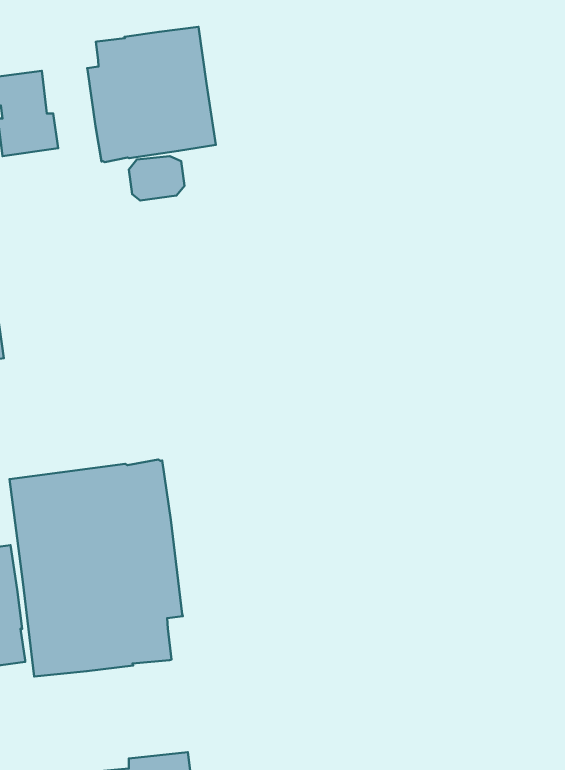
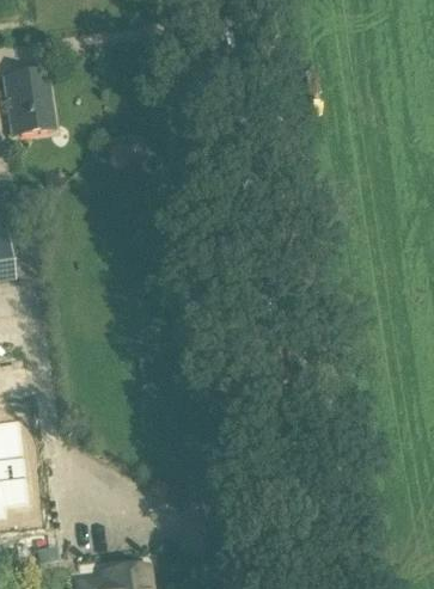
building: [87,27,216,162] -> none
building: [10,459,183,676] -> none

